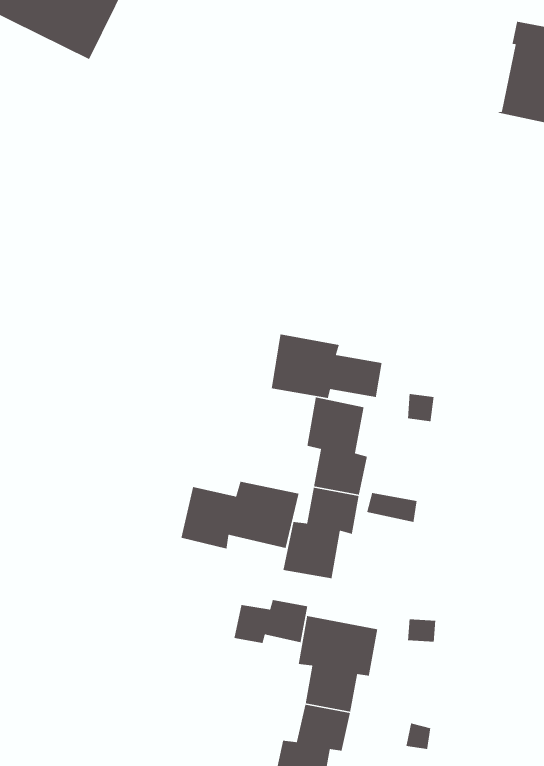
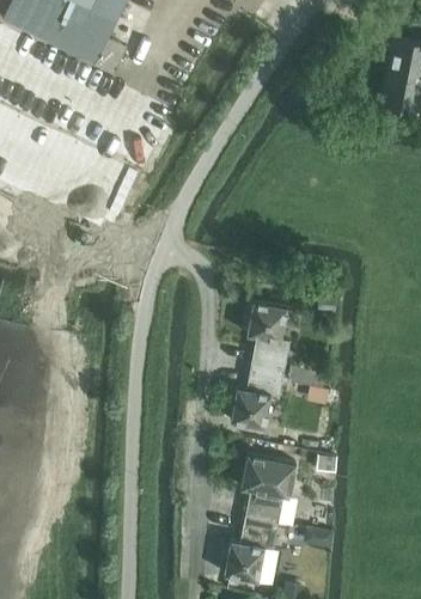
building: [271,334,382,399] -> none
building: [181,481,300,549] -> none
building: [234,599,308,644] -> none

